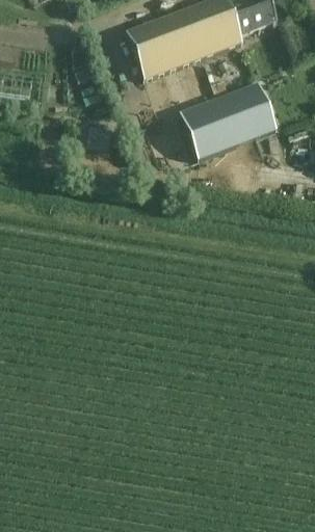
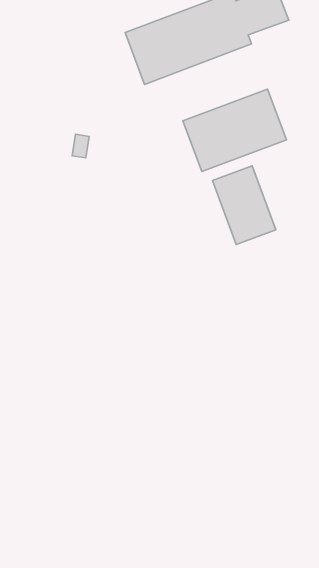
building: none -> [212,166,276,245]

